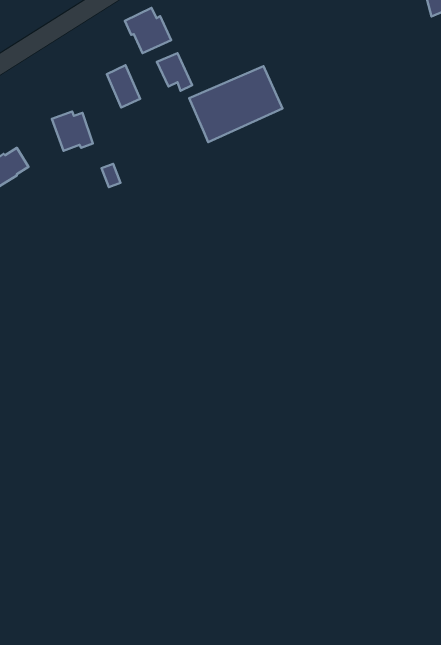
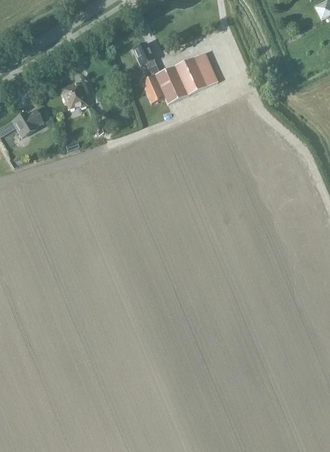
building: [125,8,171,53] -> none
building: [107,65,140,108] -> [141,73,164,102]

